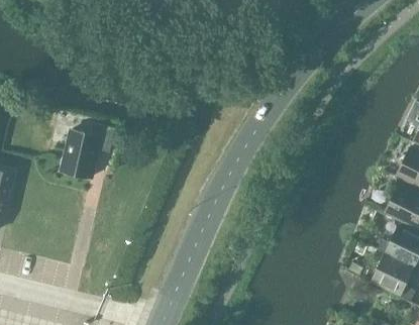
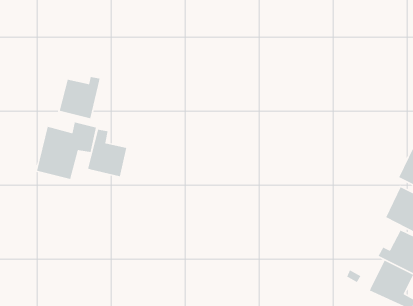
building: none -> [59,76,101,119]
building: none -> [87,129,127,177]

